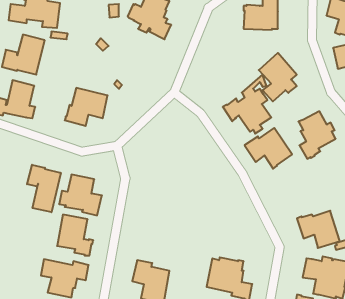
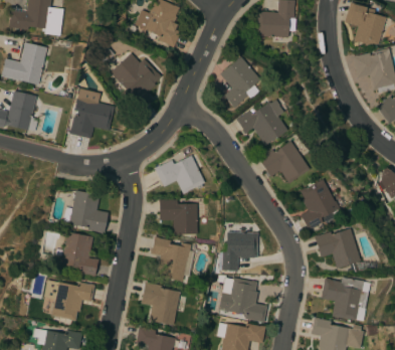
building: none -> [111,53,162,109]
building: [259,53,297,101] -> [220,56,260,108]
building: [298,111,336,159] -> [301,179,340,229]
building: none -> [156,154,205,193]
building: [27,165,61,212] -> none
building: none -> [160,199,198,234]
building: none -> [222,232,258,271]
building: none -> [151,236,194,282]

